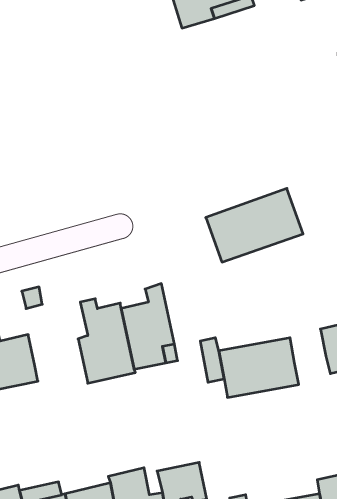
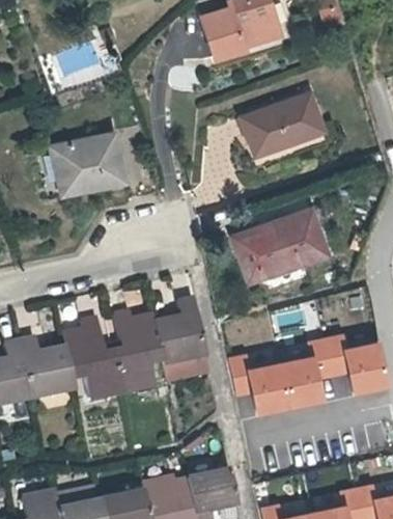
building: none -> [244,95,324,155]
building: none -> [51,135,124,195]
building: none -> [63,320,123,404]
building: none -> [314,333,352,377]

